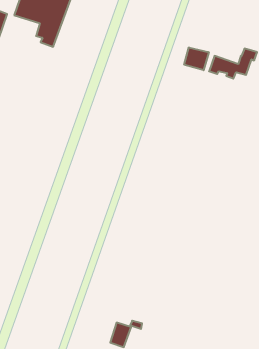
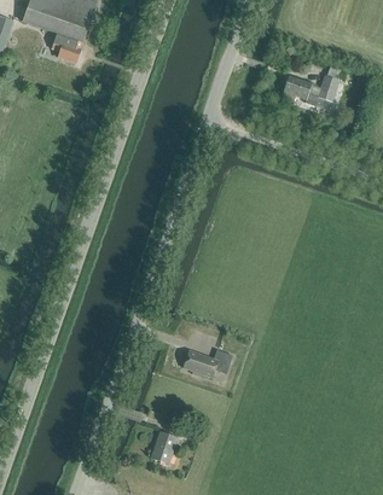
building: [184,47,209,70] -> none
building: none -> [181,349,232,377]

